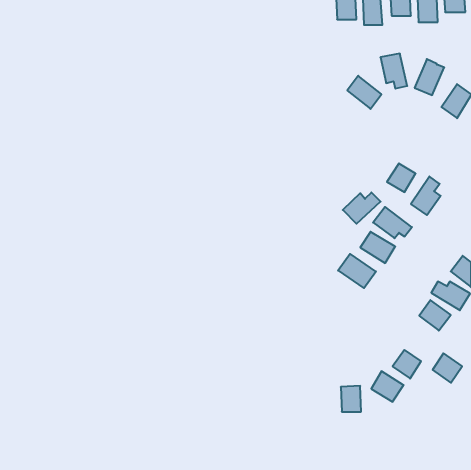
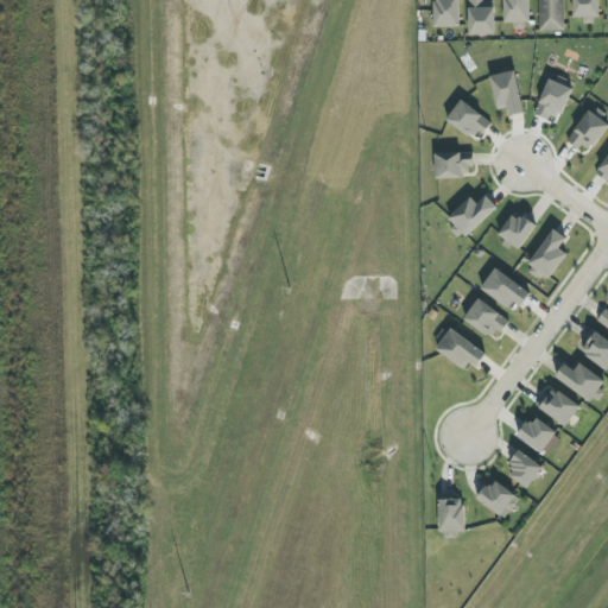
building: none -> [435,150,473,177]
building: [343,192,381,224] -> [448,194,496,234]
building: [433,353,462,383] -> [518,413,556,451]

